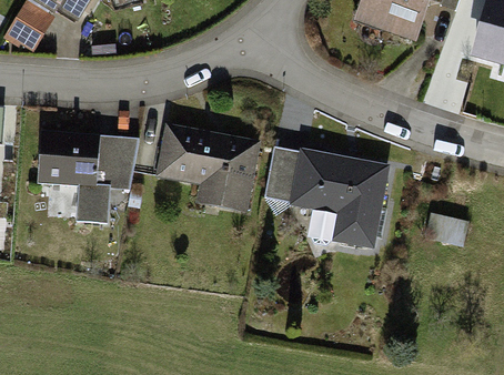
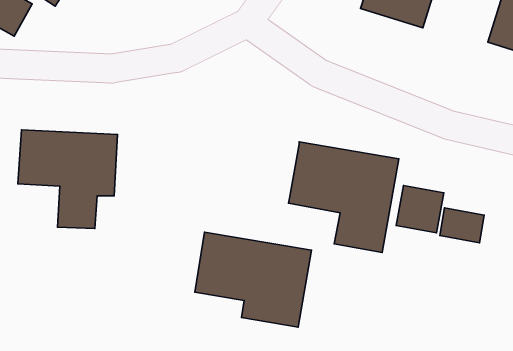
building: [154,121,262,209] -> [195,232,311,327]
building: [265,143,299,197] -> none
building: none -> [396,185,444,233]

